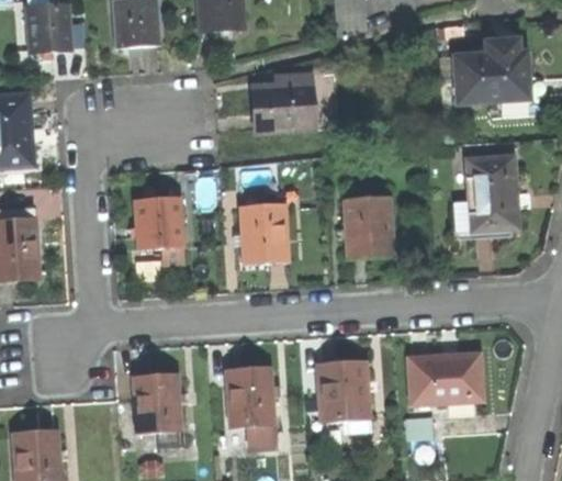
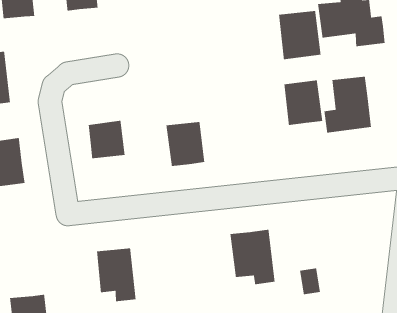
building: none -> [278,10,322,60]
building: [251,74,313,134] -> none
building: [342,197,393,257] -> [283,80,323,126]
building: [407,353,481,415] -> none
building: [226,361,282,447] -> none

